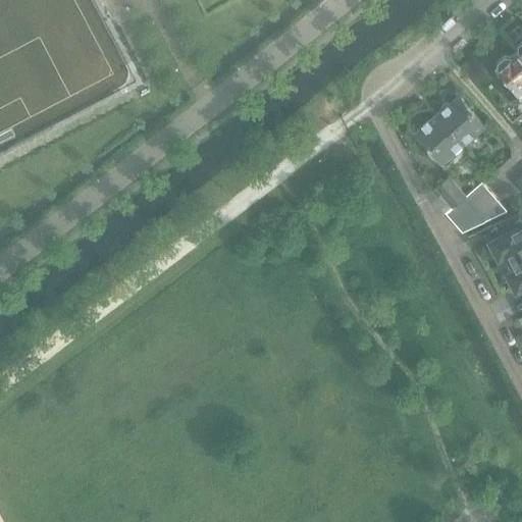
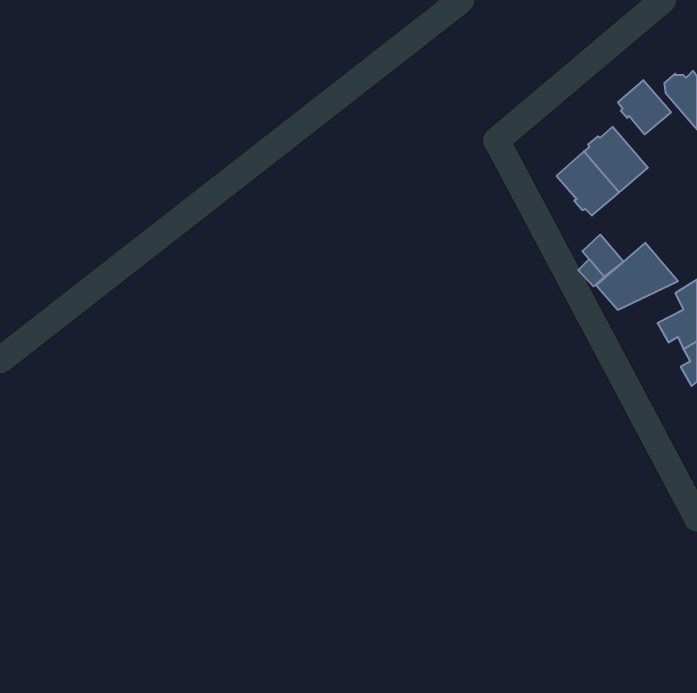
building: none -> [618,80,671,134]

